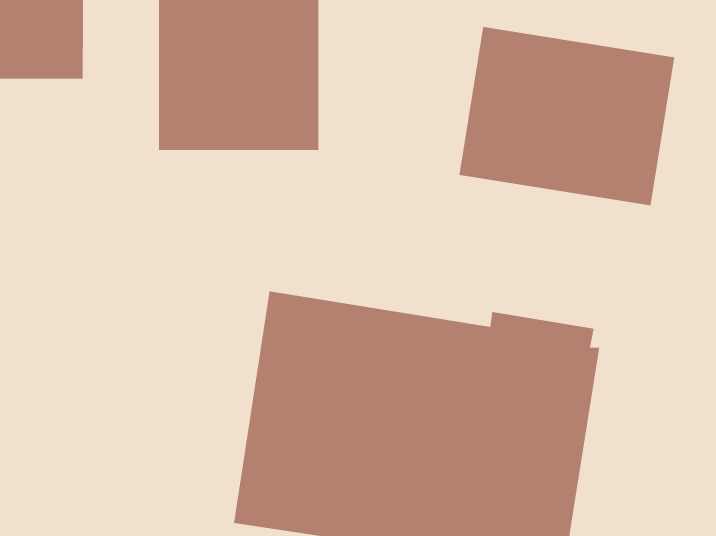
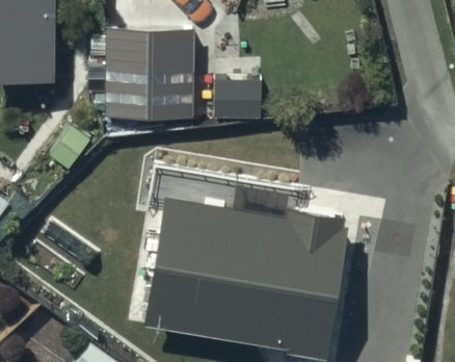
building: [459,26,675,206] -> none

